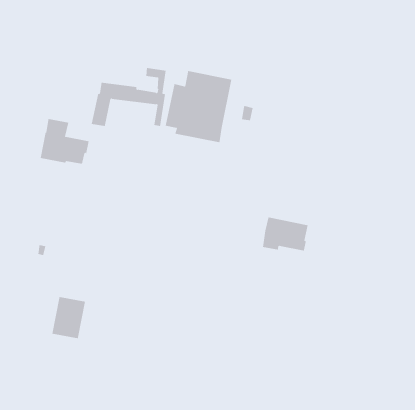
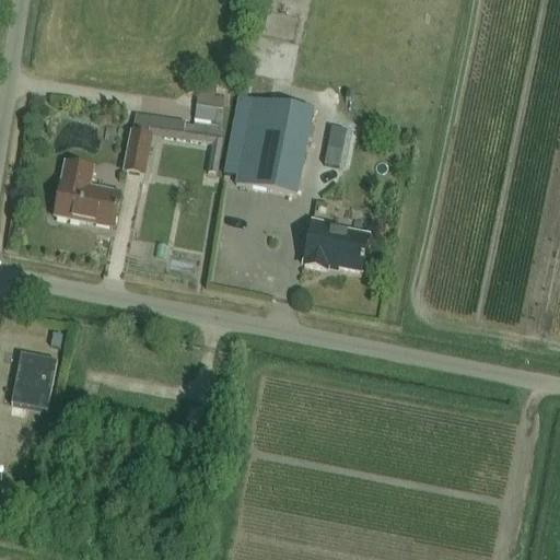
building: [262,217,308,251] -> [304,222,366,268]
building: [52,297,86,339] -> [11,351,57,408]

